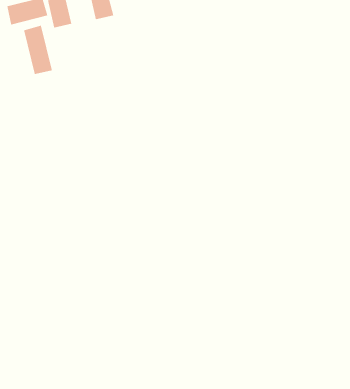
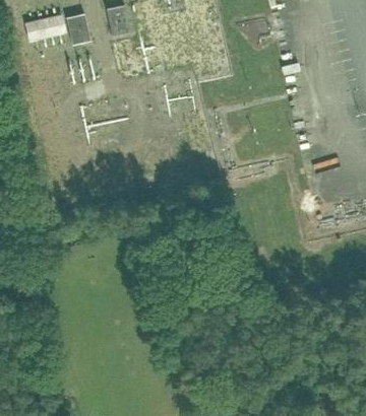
building: [23,25,53,75] -> none

